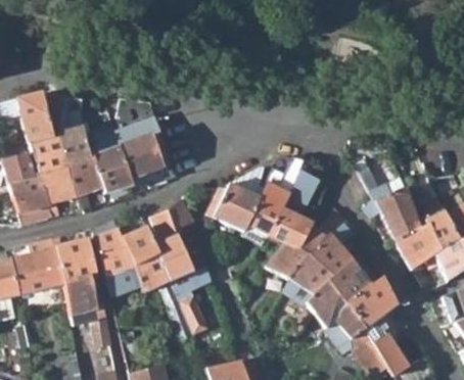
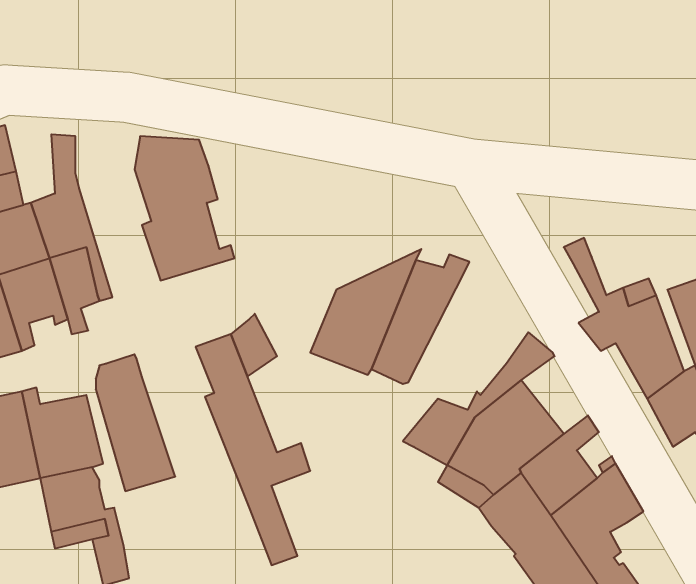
building: [86,125,132,193] -> none
building: [265,172,319,249] -> none
building: [121,225,192,339] -> none

